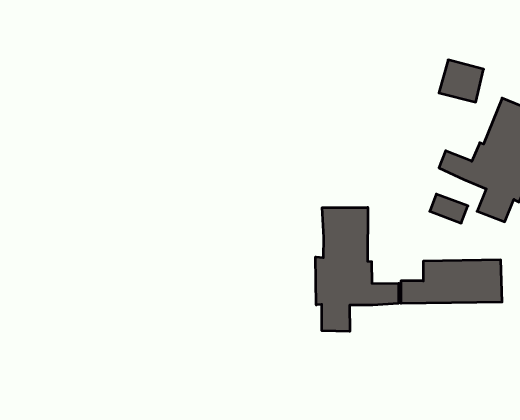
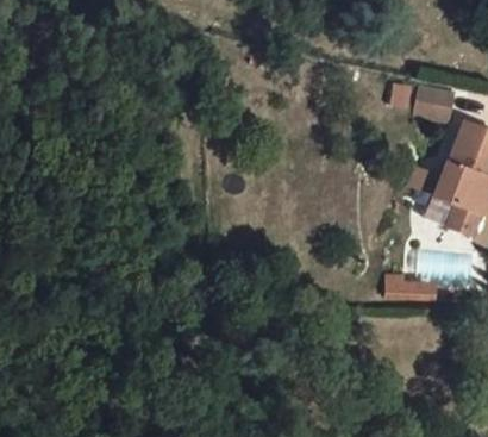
building: [316,207,399,331] -> none

